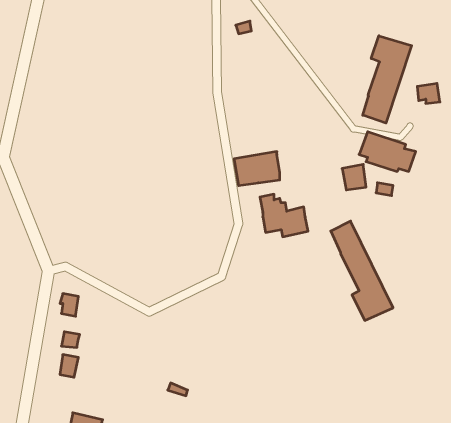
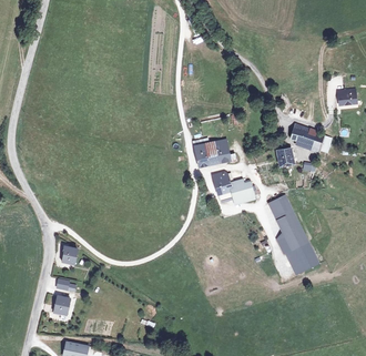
building: [363,36,412,123] -> none

